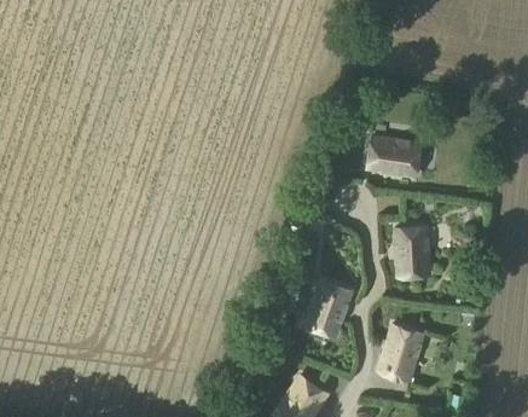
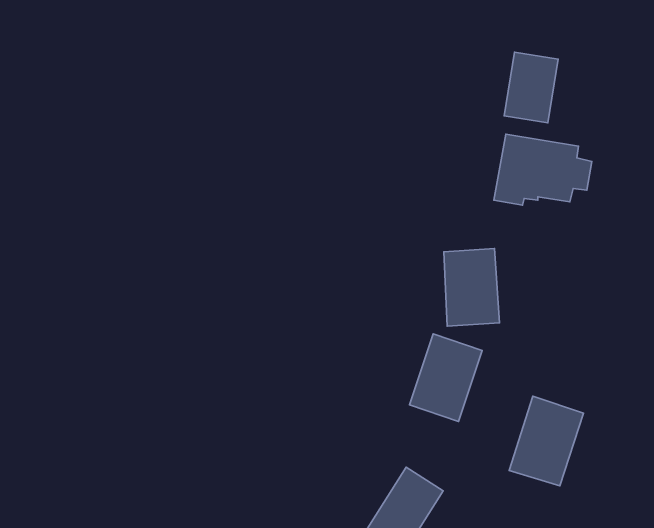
building: none -> [504,52,558,123]
building: [393,224,433,279] -> [444,248,500,326]

